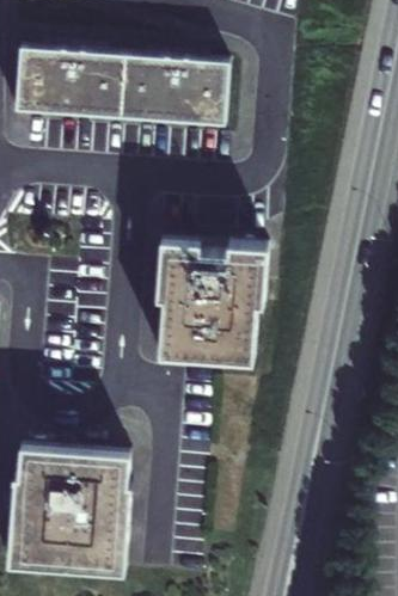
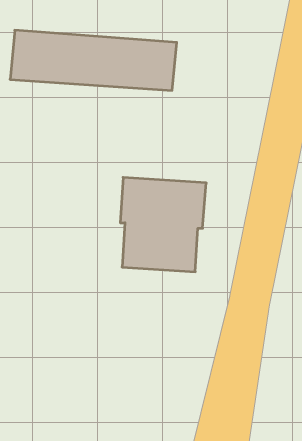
building: [10,443,131,570] -> none

